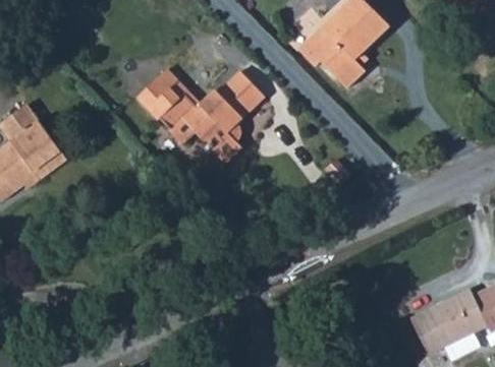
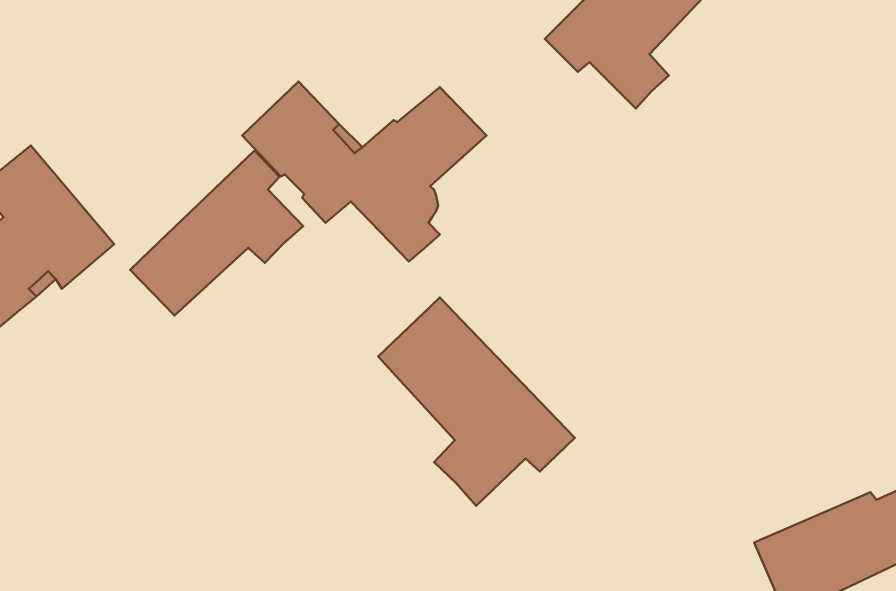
building: none -> [130,151,303,316]
building: none -> [378,297,575,506]

